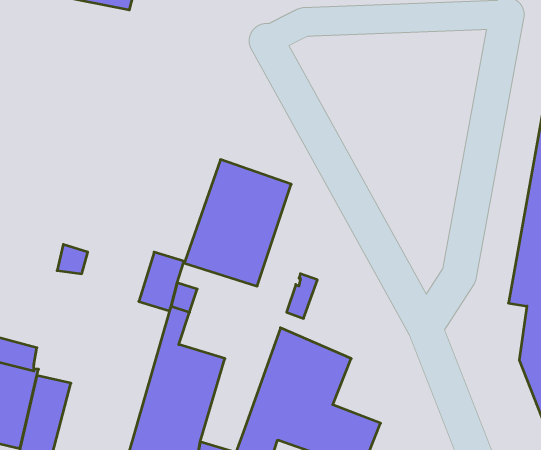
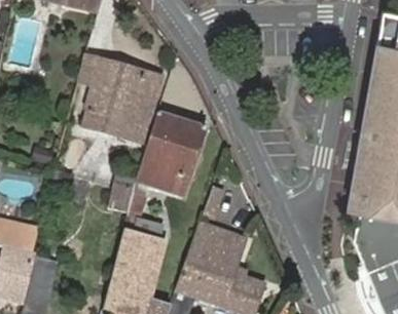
building: none -> [77,53,161,142]

